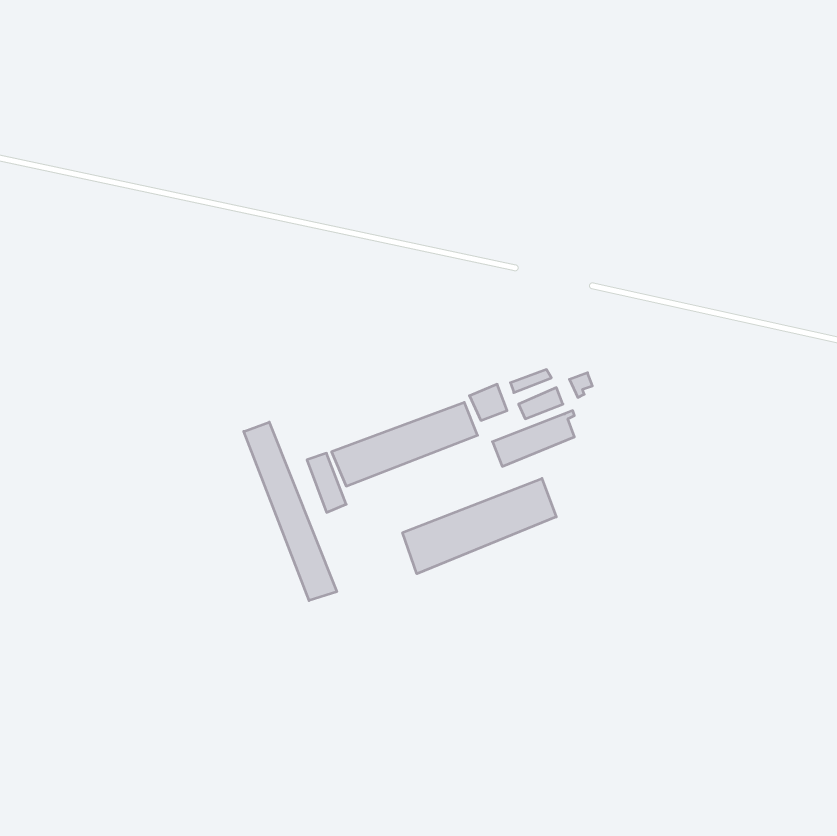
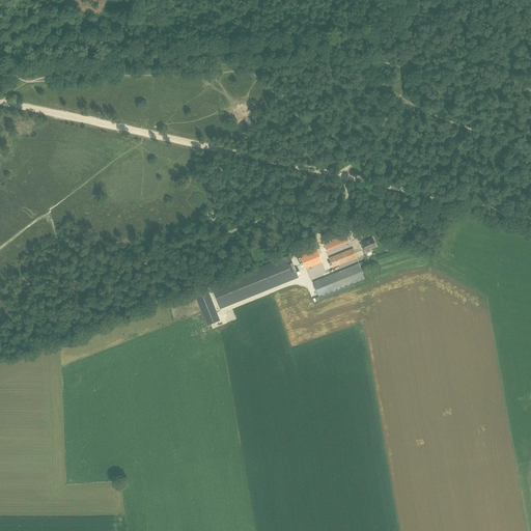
building: [244,422,337,601] -> none
building: [403,478,556,574] -> none

